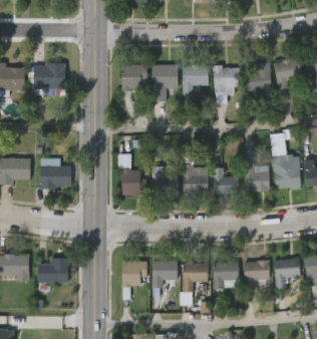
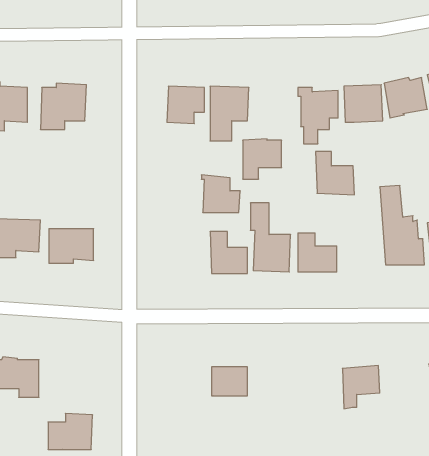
building: [182,65,209,93] -> [243,139,282,179]
building: [243,161,270,192] -> [316,152,354,195]
building: [120,168,147,195] -> [201,175,240,212]
building: [274,257,300,289] -> none
building: [40,258,71,283] -> [48,413,93,449]
building: [120,260,145,299] -> none
building: [214,262,240,289] -> none
building: [182,263,208,292] -> none

